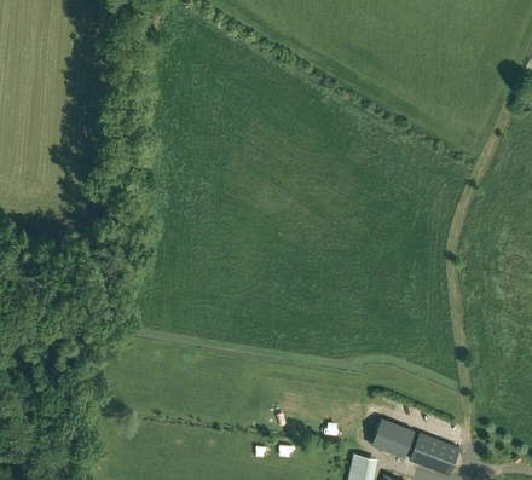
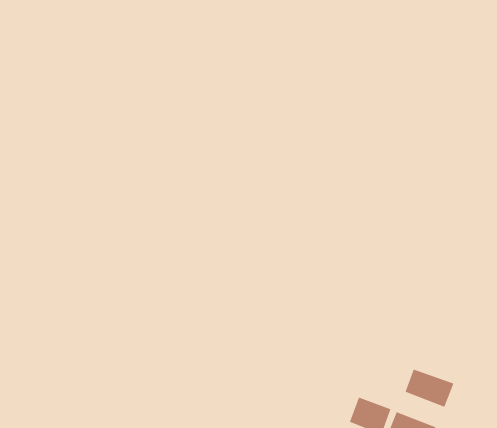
building: none -> [404,368,455,408]

